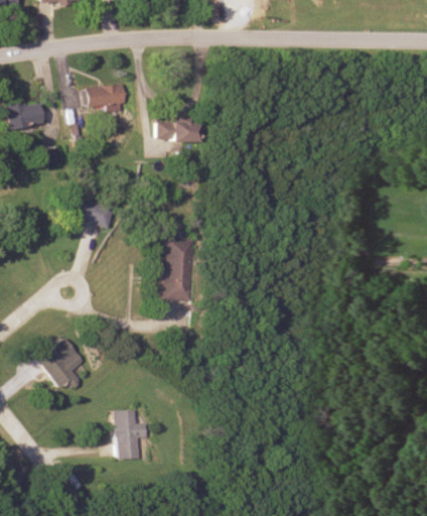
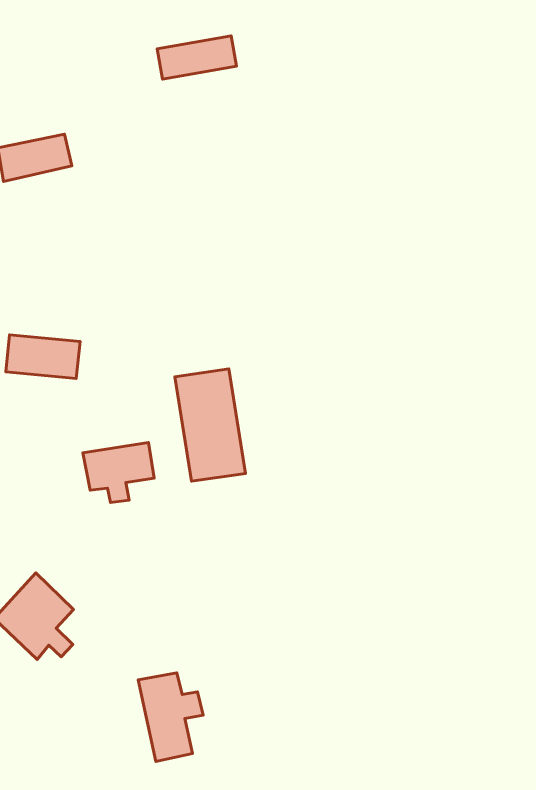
building: [153,122,197,140] -> [157,36,236,79]
building: none -> [83,442,154,503]

